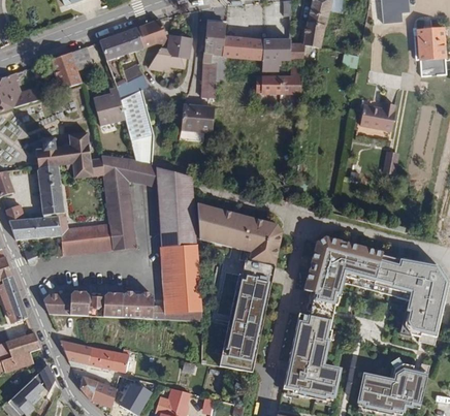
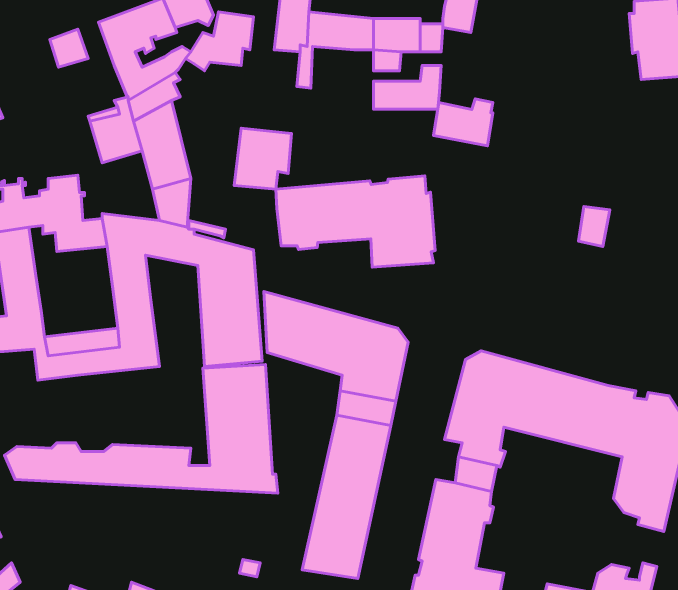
building: [50,53,79,89] -> none
building: [201,59,219,98] -> none
building: [360,103,395,131] -> [434,99,493,146]
building: none -> [276,176,435,267]
building: [61,341,129,373] -> none

